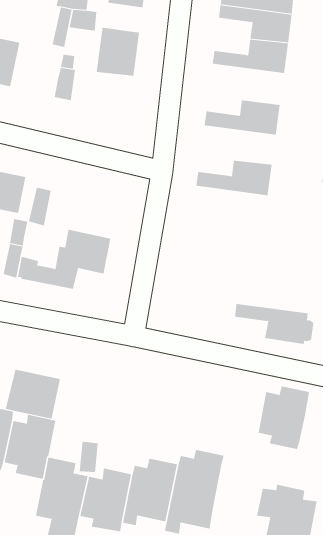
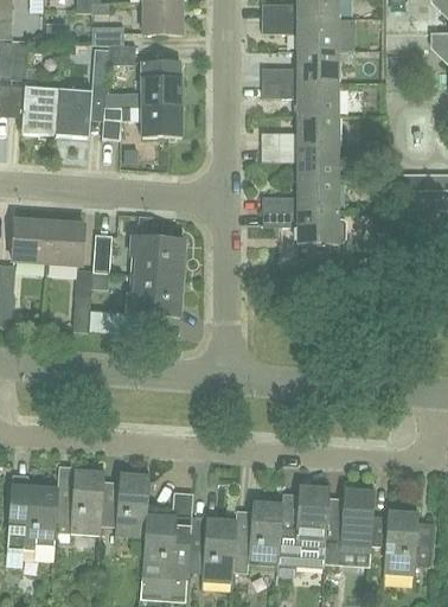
building: none -> [56,87,92,138]
building: none -> [262,82,339,115]
building: none -> [128,106,183,136]
building: none -> [262,147,339,179]
building: none -> [132,236,185,277]
building: [234,303,314,345] -> [262,211,346,244]
building: [5,369,61,420] -> none
building: [258,386,310,450] -> [326,488,375,552]

